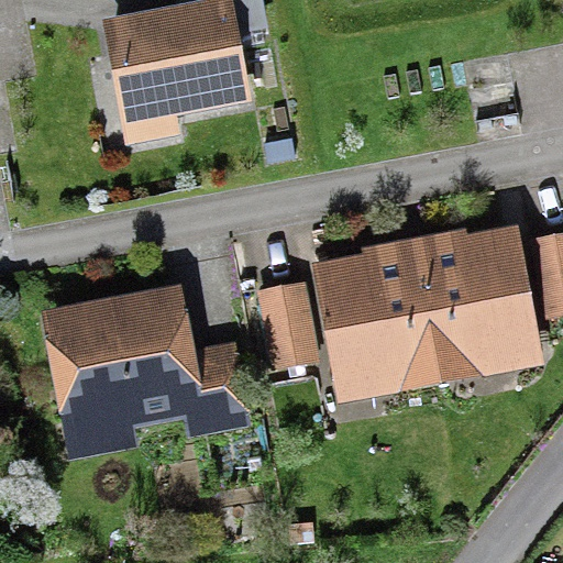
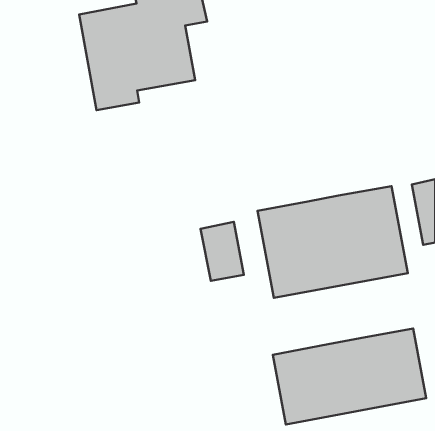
building: [41,285,250,457] -> none
building: none -> [273,328,426,424]

